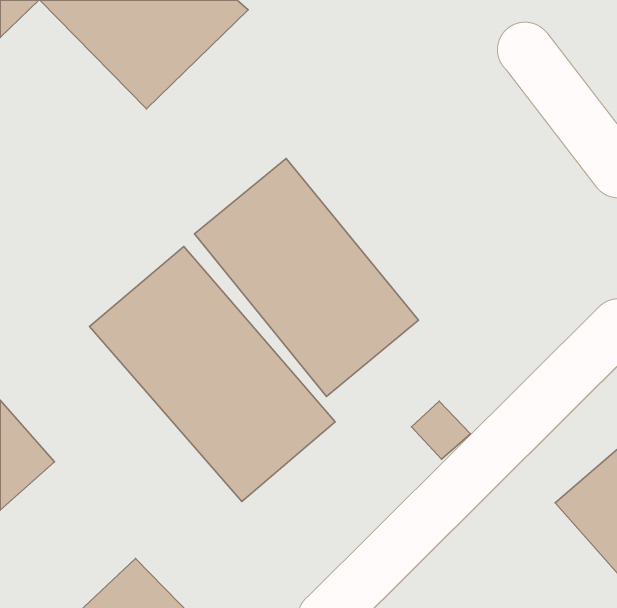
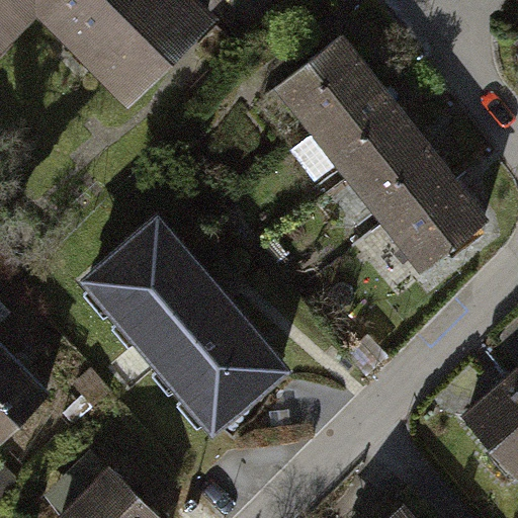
building: none -> [273,33,492,275]
building: [195,158,419,397] -> none

